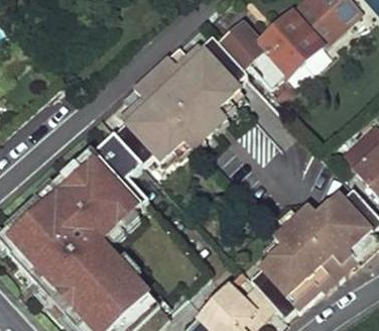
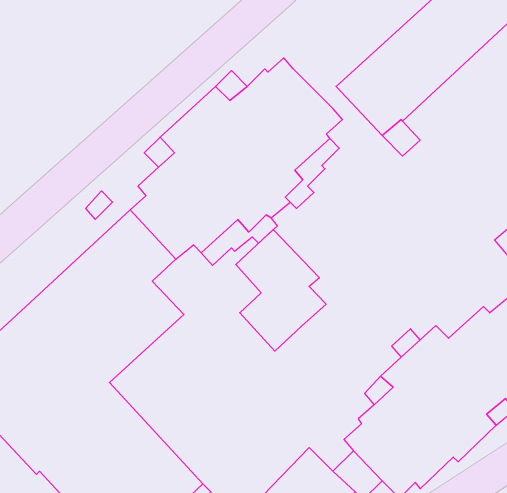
building: [217,23,258,70] -> none
building: none -> [236,230,326,351]

